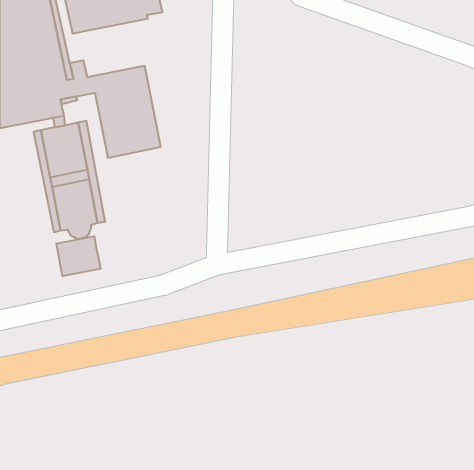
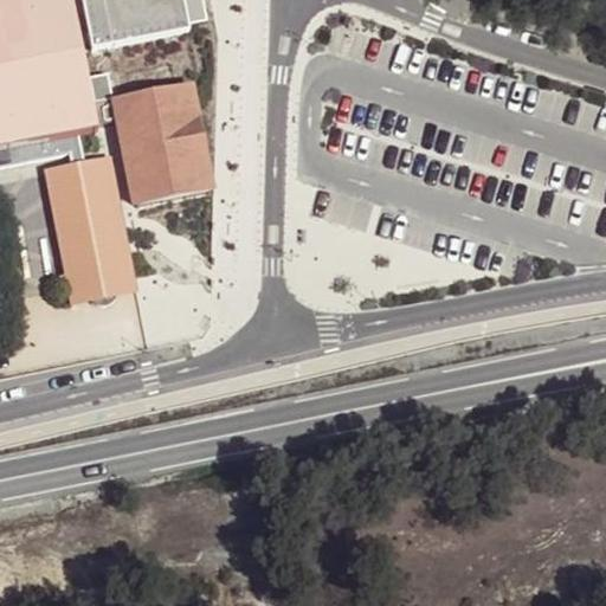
building: [56,236,100,276] -> none

